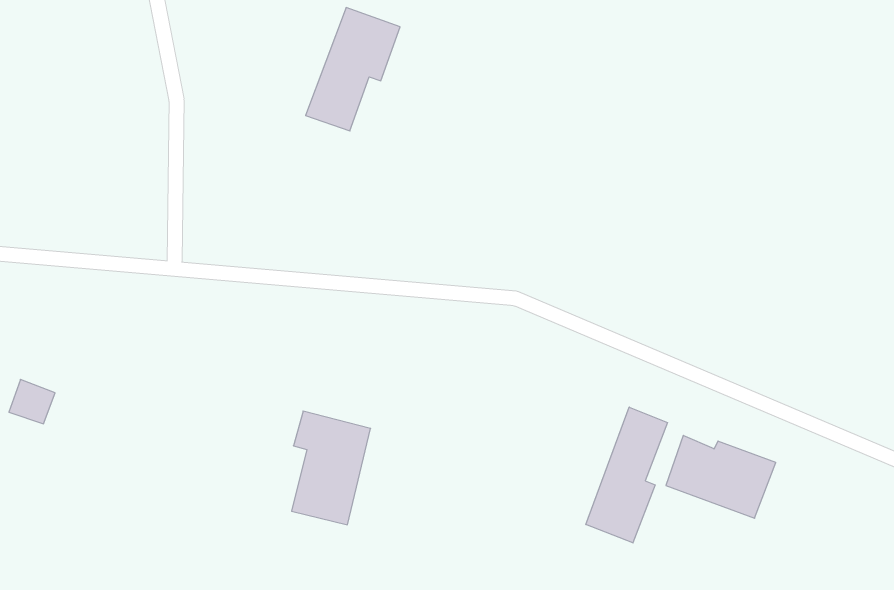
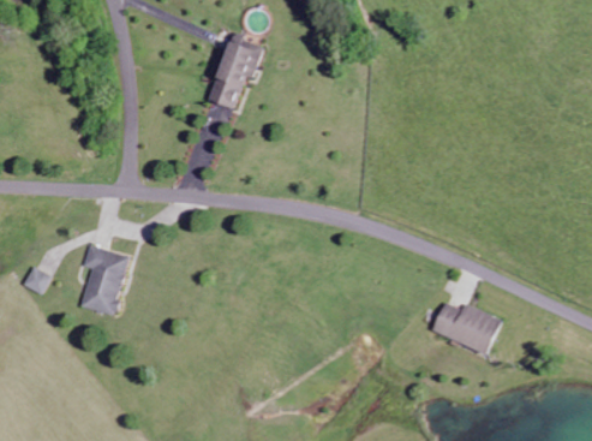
building: [586,407,668,543] -> none
building: [292,411,371,525] -> [82,245,131,316]

